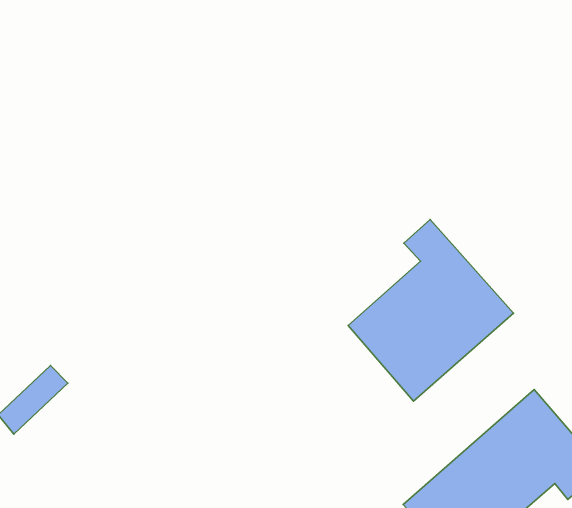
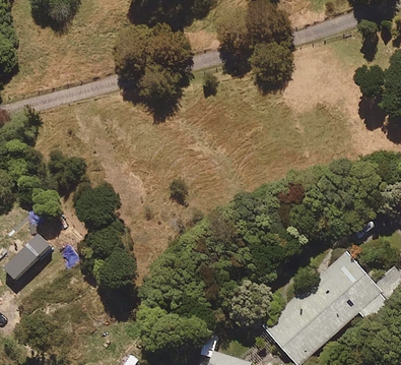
building: [348,219,514,401] -> none

